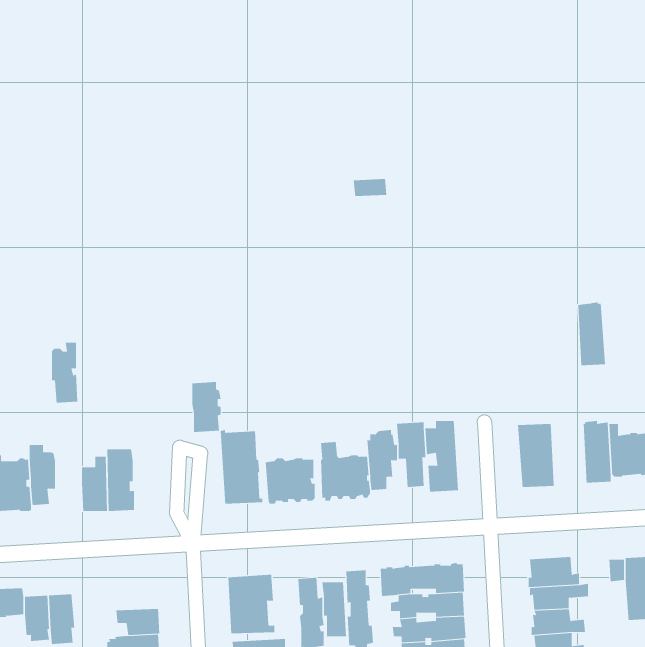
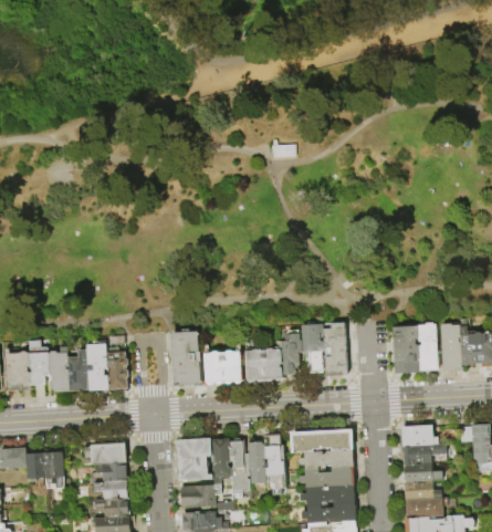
building: [578,302,606,366] -> [417,323,438,371]
building: [51,342,78,403] -> [50,346,70,392]
building: [192,382,221,432] -> [107,352,129,389]
building: none -> [210,438,231,484]
building: none -> [83,442,126,465]

